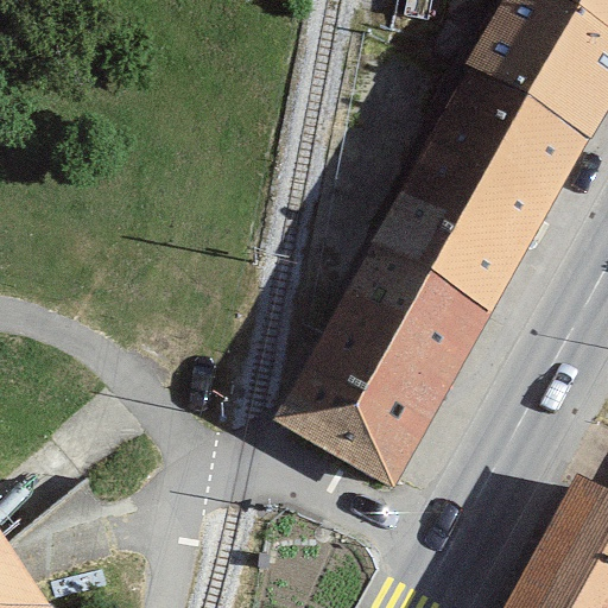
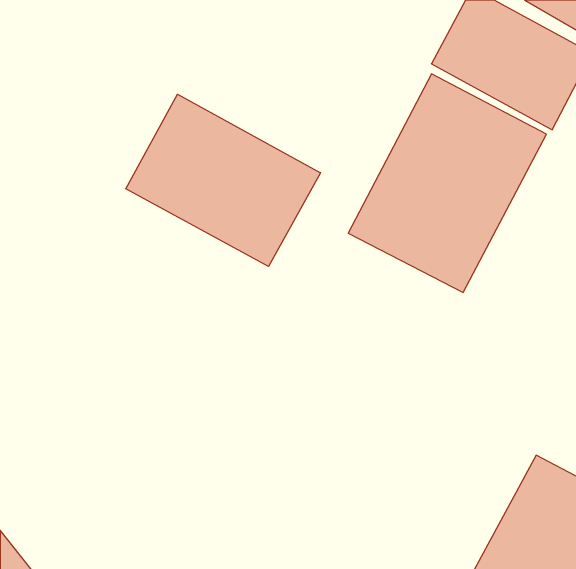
building: none -> [126,94,321,266]
building: [293,273,477,475] -> none

